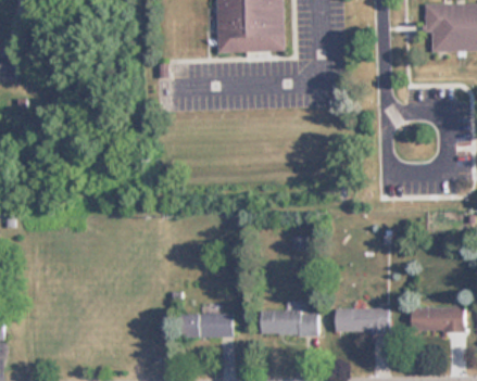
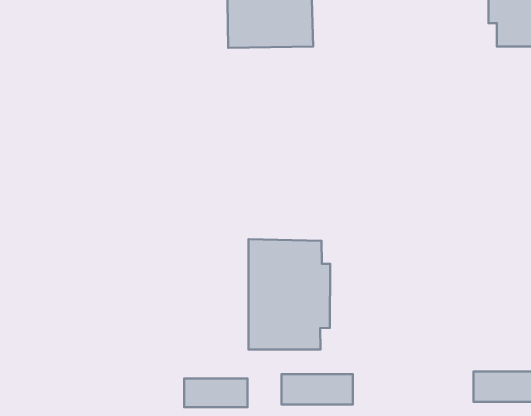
building: none -> [248,239,330,350]
building: [335,308,388,332] -> none

